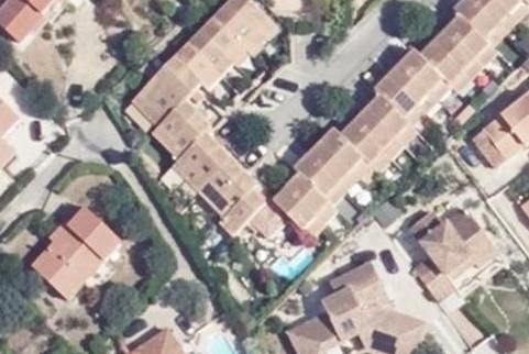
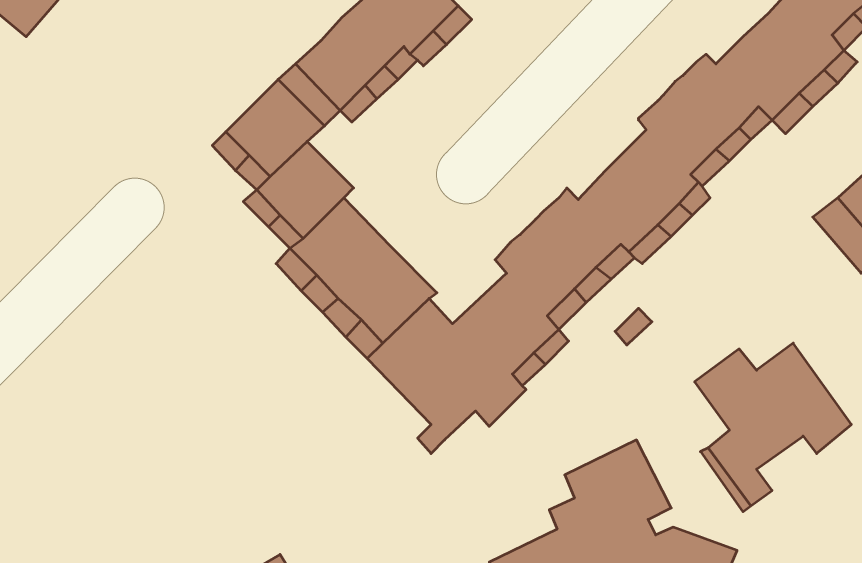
building: [23,200,118,301] -> none

